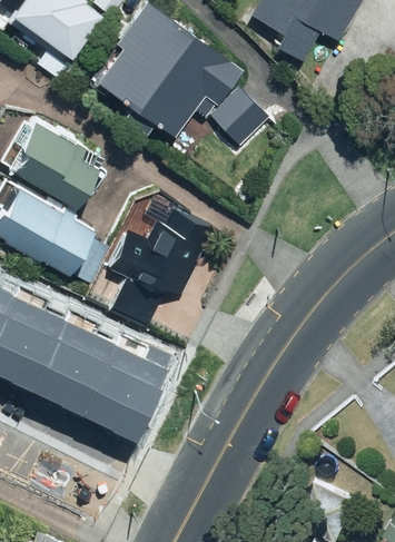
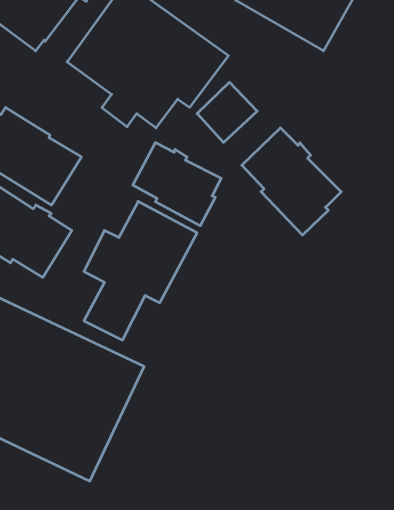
building: none -> [242,128,341,235]
building: none -> [133,143,221,226]

